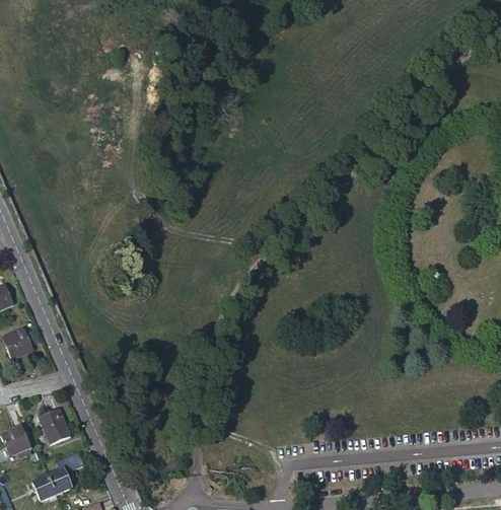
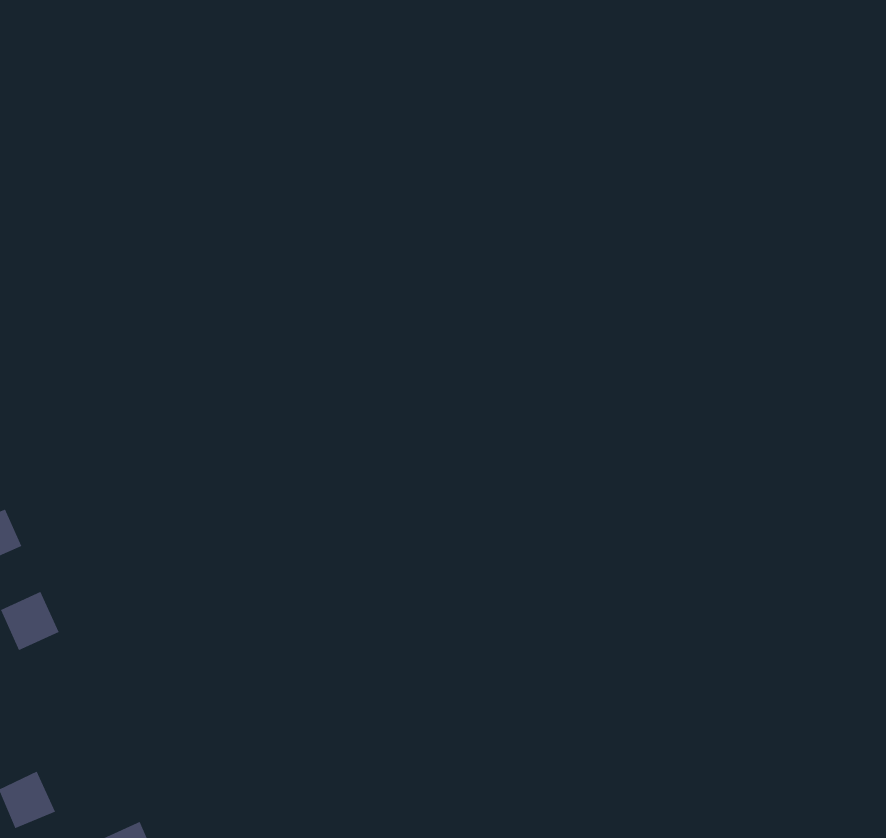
building: [39,408,70,444] -> none

